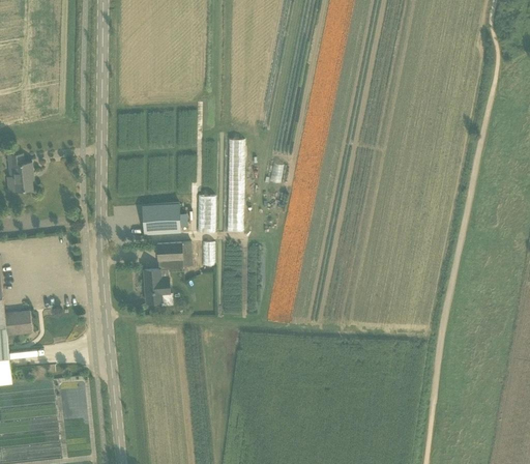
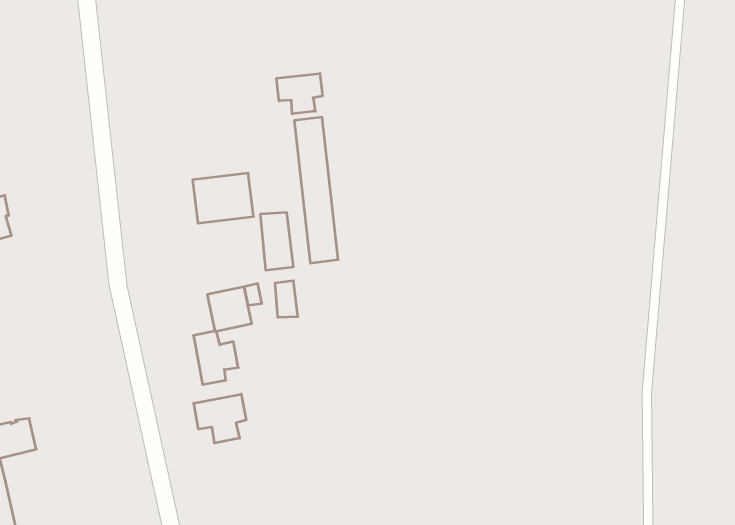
building: none -> [277,73,322,114]
building: [143,204,180,233] -> [193,173,254,223]
building: none -> [194,394,246,443]

